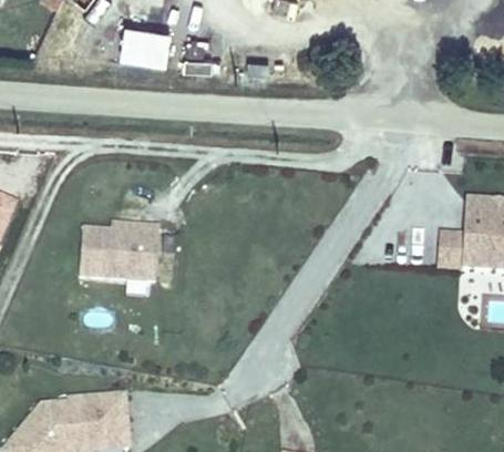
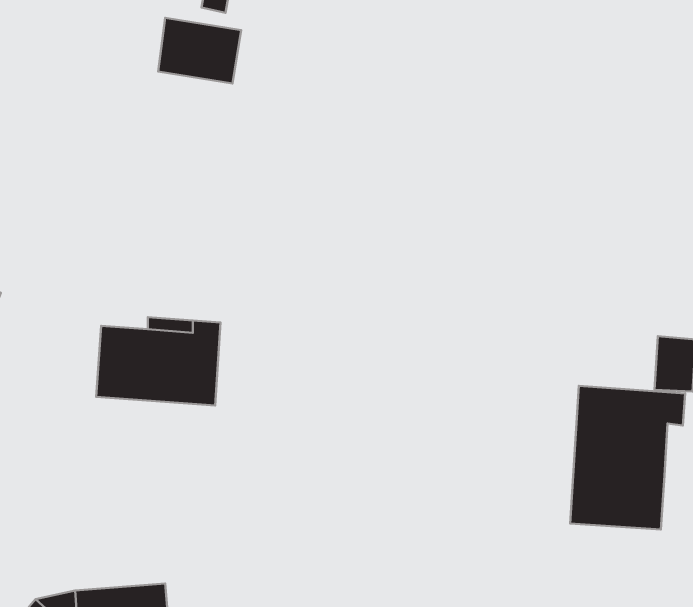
building: none -> [570,386,685,529]

